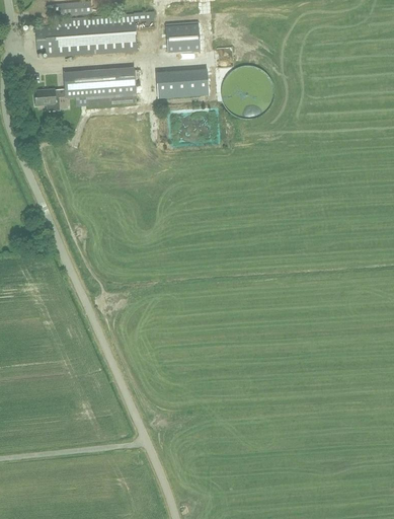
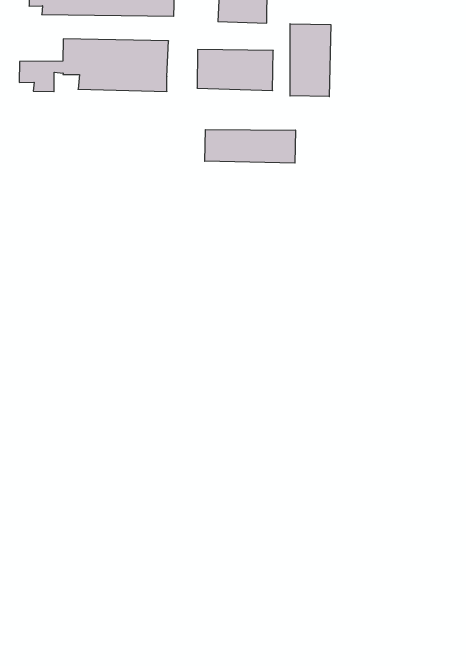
building: none -> [290,24,331,97]
building: none -> [205,130,295,163]

